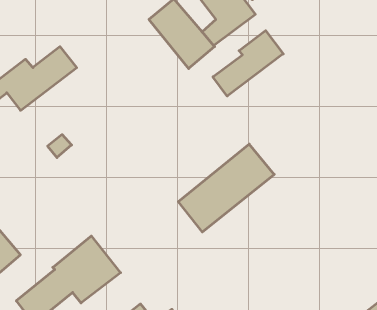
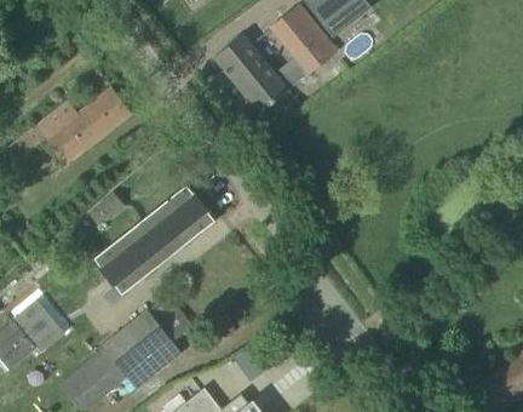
building: [213,31,283,96] -> none
building: [178,144,274,232] -> [103,185,214,287]

